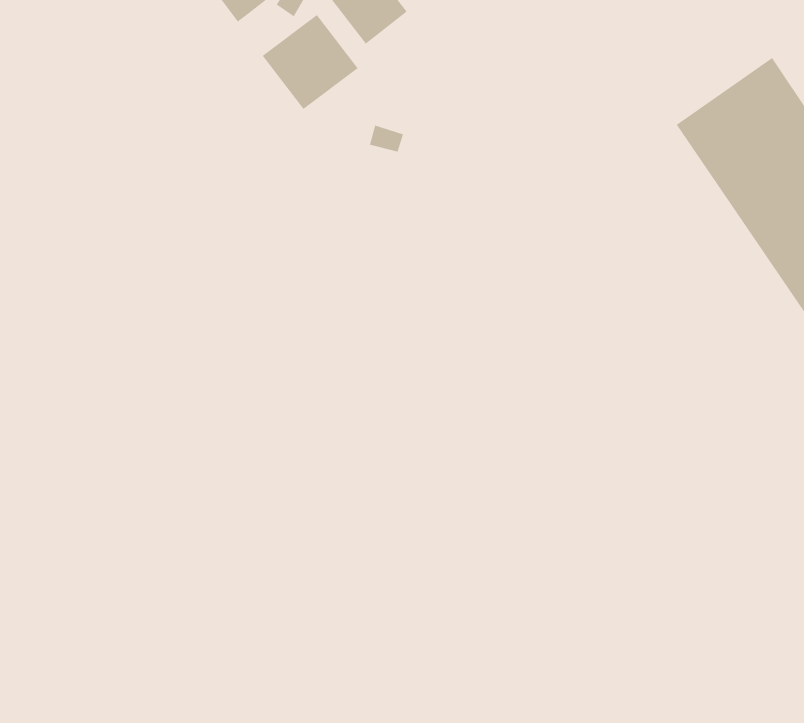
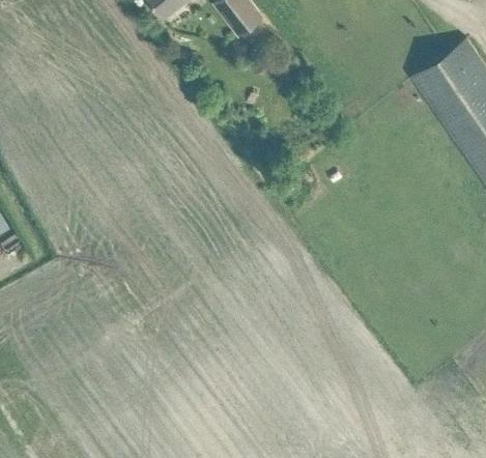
building: [262,14,358,110] -> none

